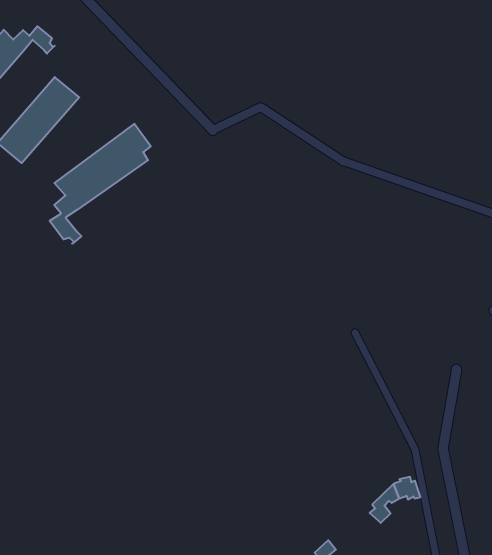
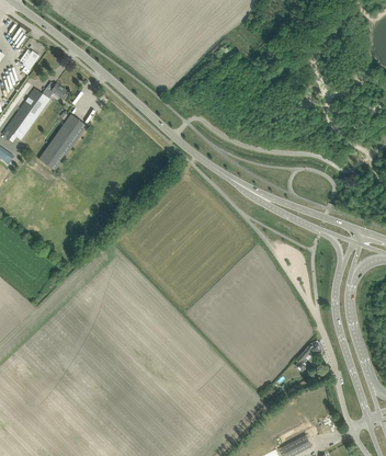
building: [50,124,151,244] -> none

